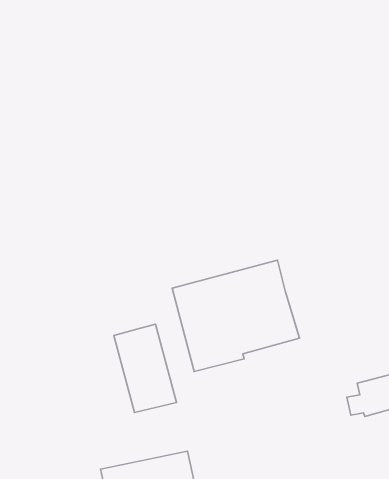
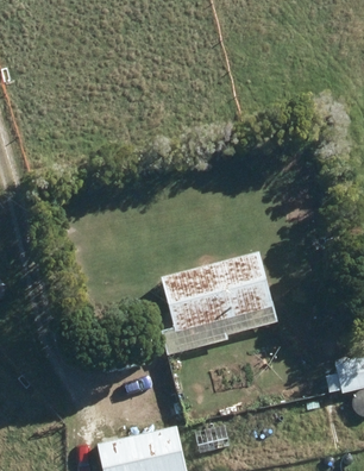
building: [114,324,177,412] -> none

